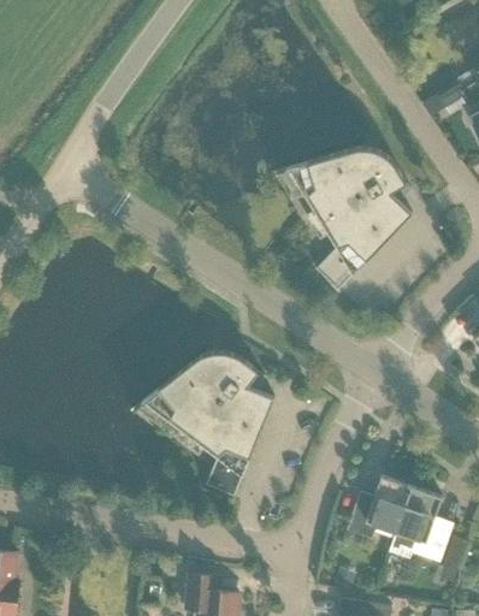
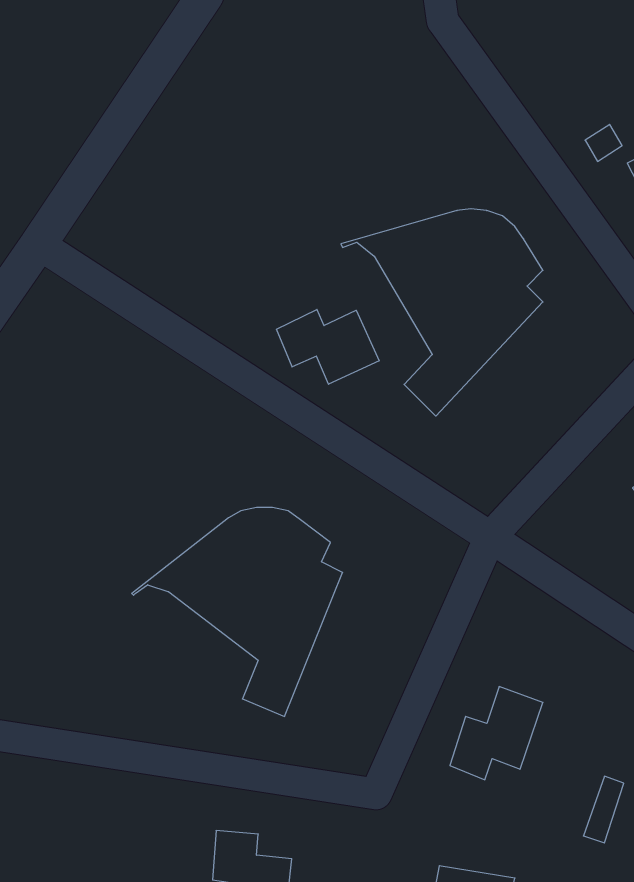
building: none -> [277,309,379,384]
building: [389,487,450,563] -> none

